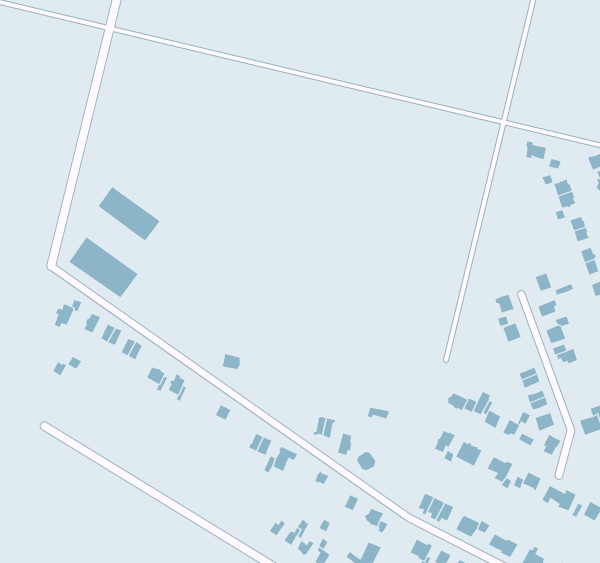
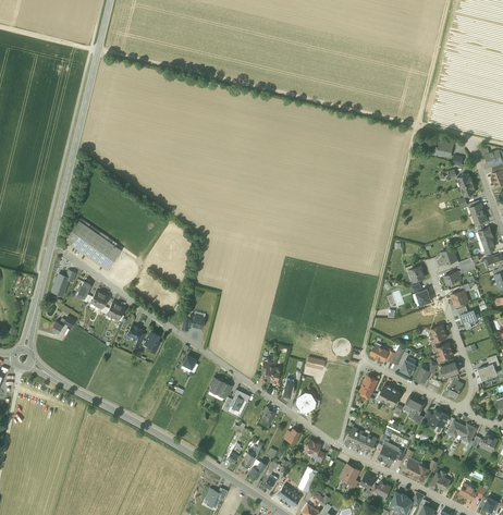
building: [98,186,160,242] -> none

